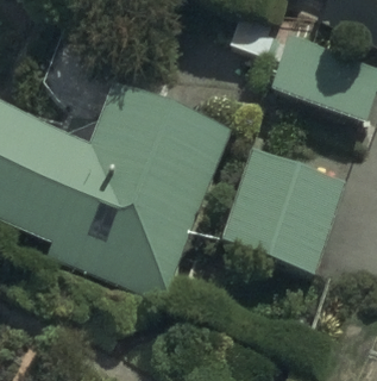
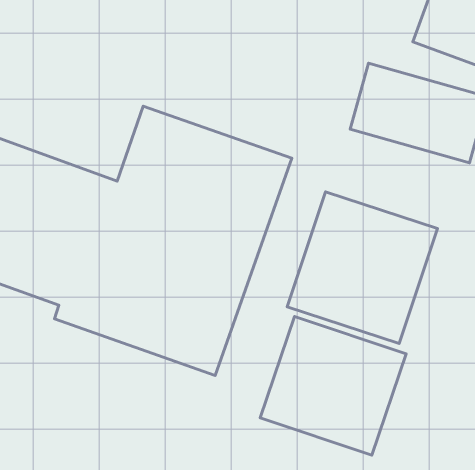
building: none -> [260,316,406,455]

